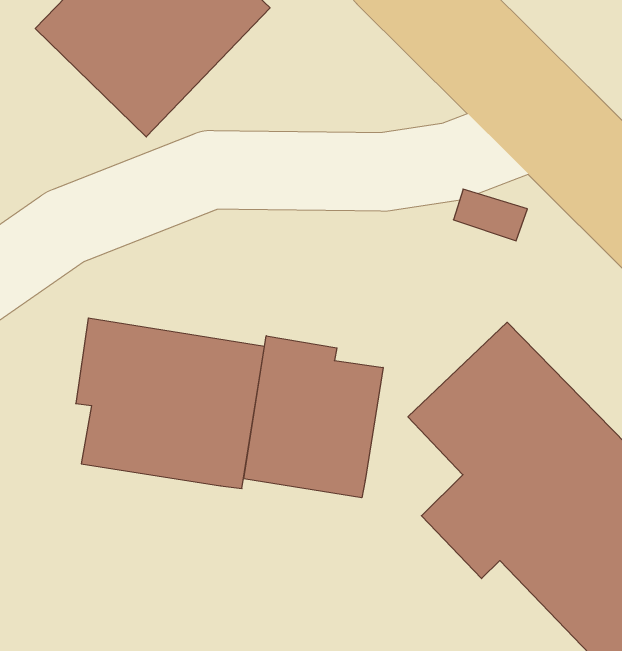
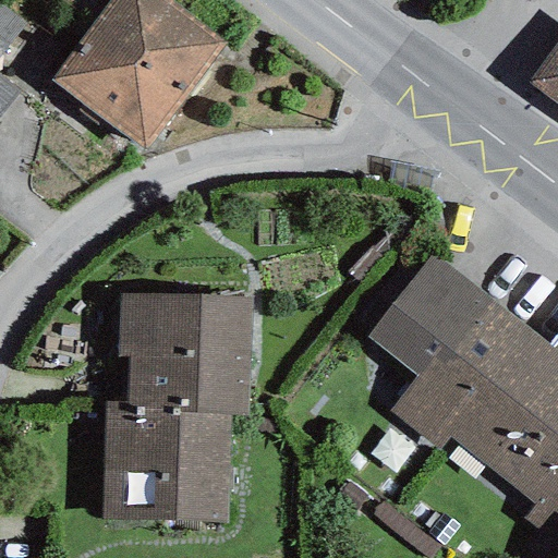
building: [244,336,383,498] -> none
building: none -> [104,401,234,522]

